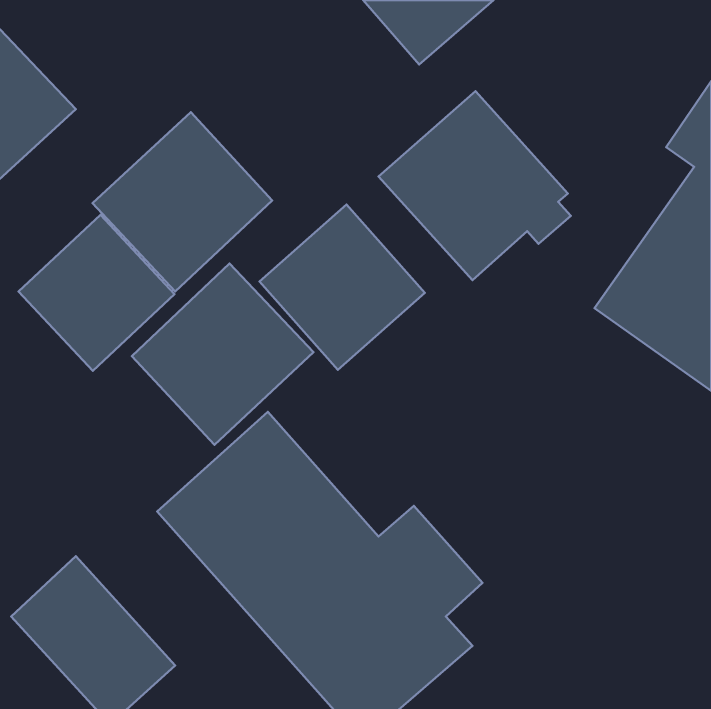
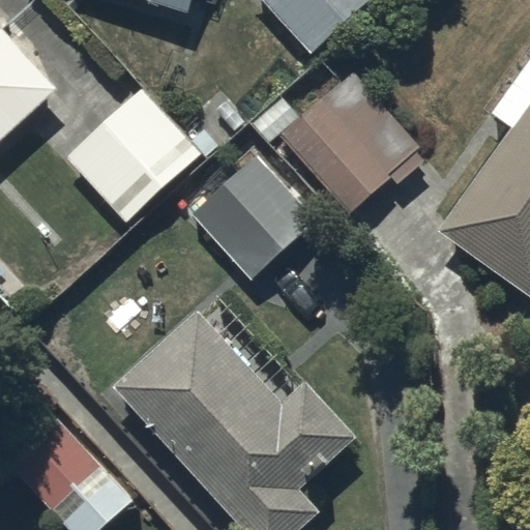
building: [19,215,175,371] -> none
building: [132,263,314,445] -> none

